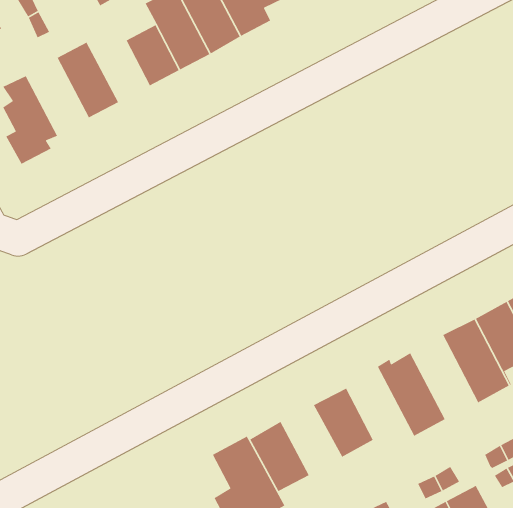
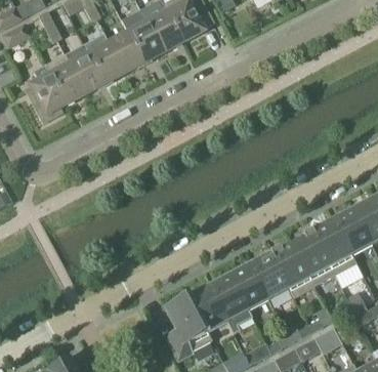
building: none -> [84,35,124,83]
building: none -> [45,54,85,105]
building: none -> [291,231,334,286]
building: none -> [250,252,293,299]
building: none -> [208,277,250,333]

